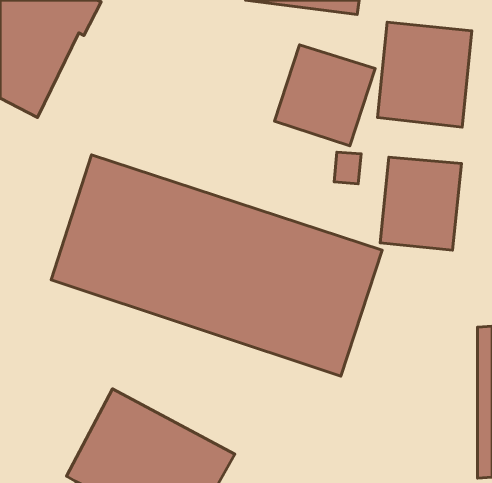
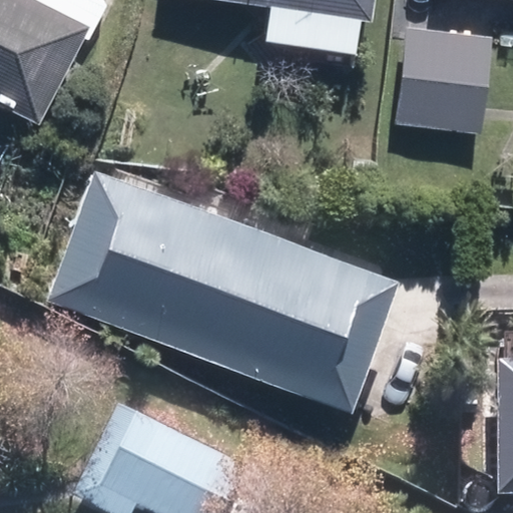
building: [275,45,375,146] -> none
building: [380,157,461,250] -> none

